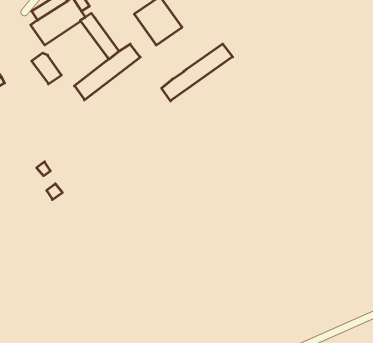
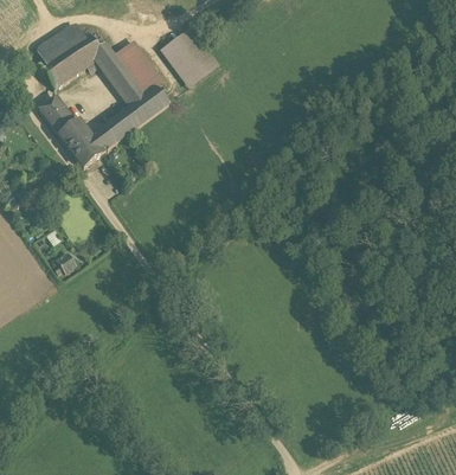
building: none -> [115,41,162,95]
building: [162,44,233,101] -> none
building: none -> [59,120,102,166]

